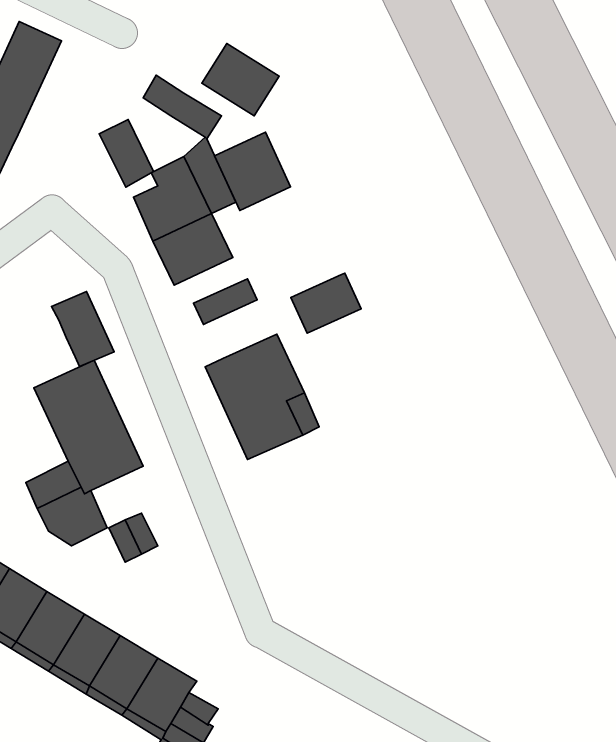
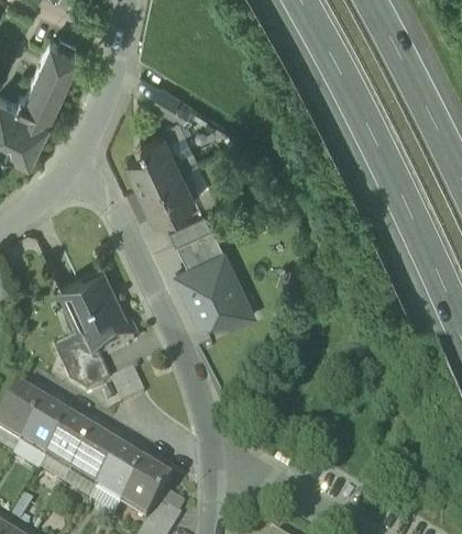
building: [202,43,279,116] -> none
building: [99,120,154,187] -> none
building: [215,132,291,210] -> none
building: [291,273,361,333] -> [178,225,226,266]
building: [52,292,114,367] -> none

